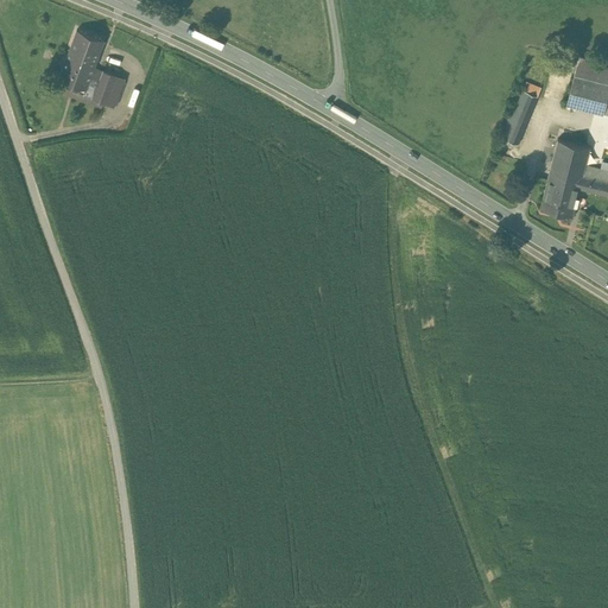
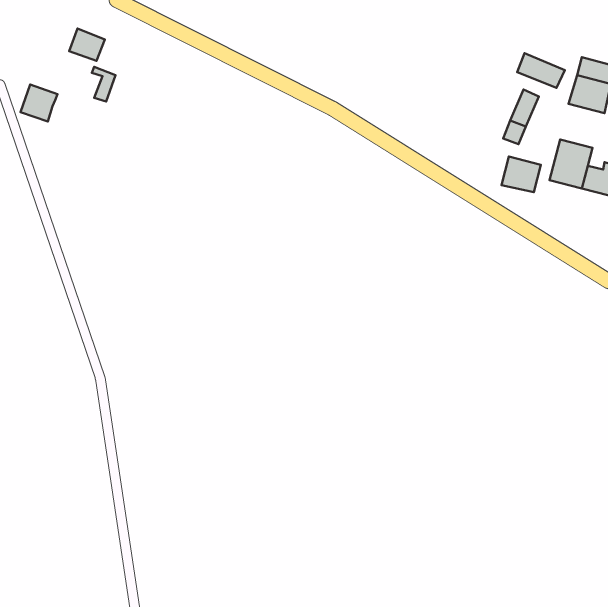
building: [61,53,97,90] -> [20,85,57,122]
building: none -> [517,53,565,88]
building: [542,182,581,217] -> [502,157,541,192]

